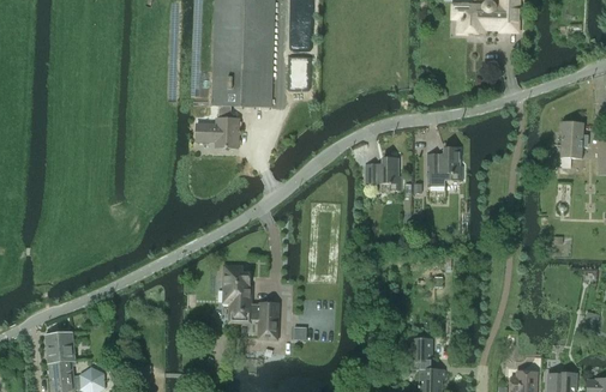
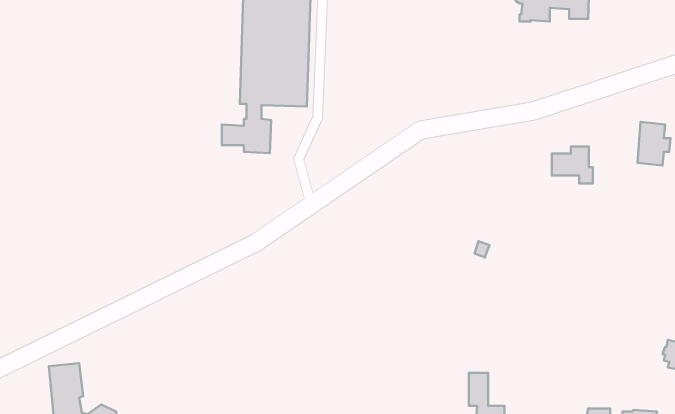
building: [427,147,463,180] -> [552,147,593,184]
building: [366,157,401,189] -> none
building: [223,265,277,338] -> none

